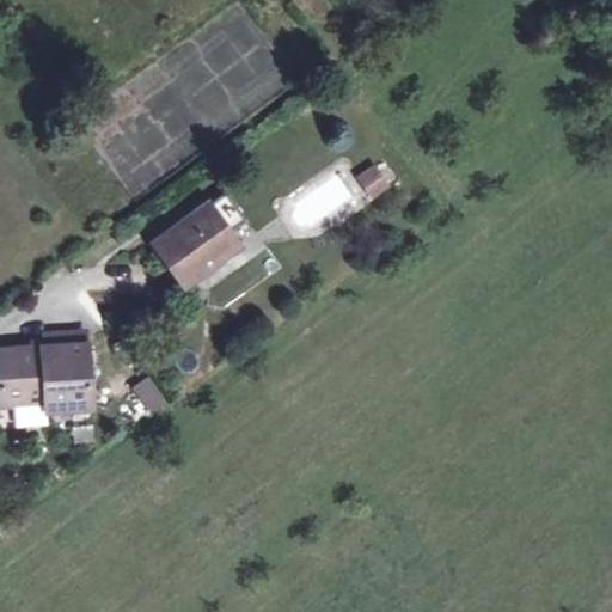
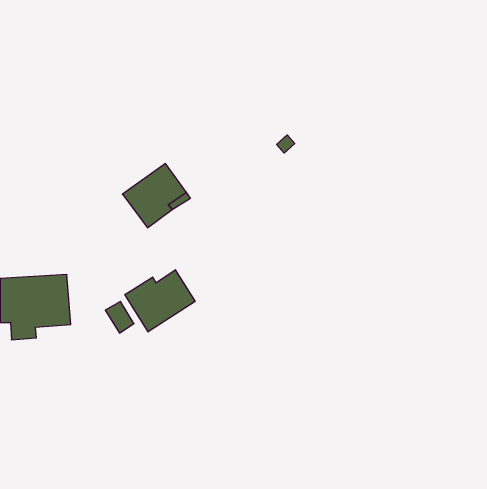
building: none -> [125,270,195,332]

